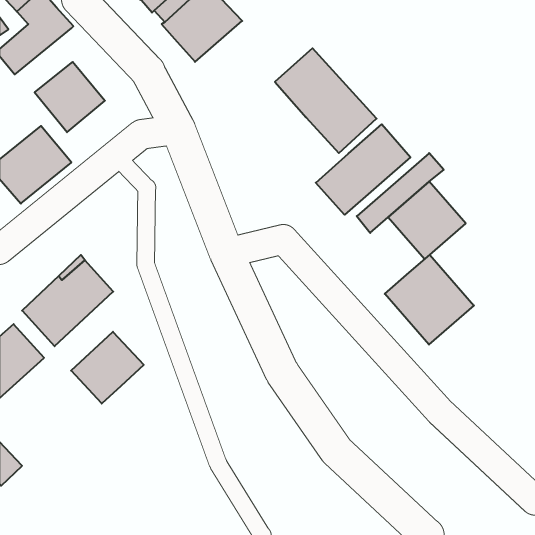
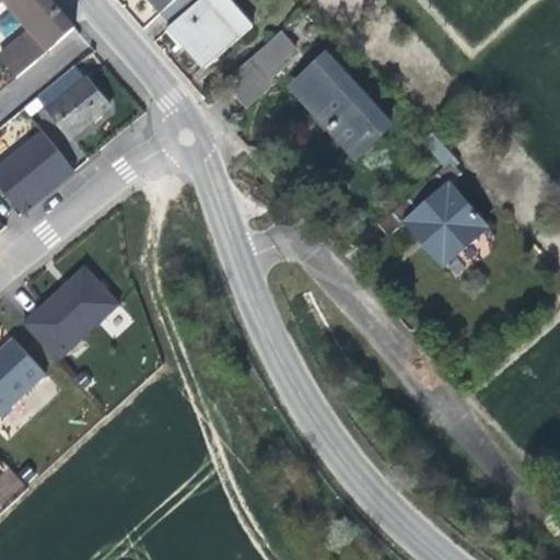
building: none -> [220,30,301,103]
building: [316,124,410,215] -> none
building: [385,255,474,345] -> none
building: [71,332,144,404] -> none

